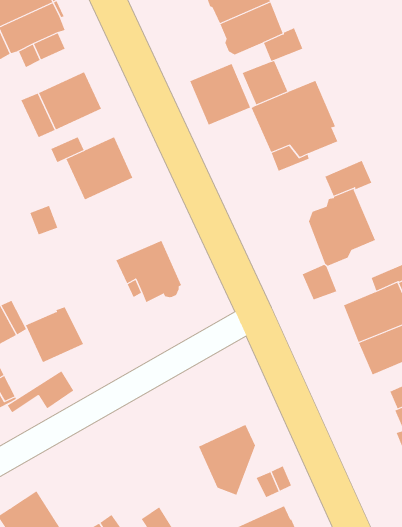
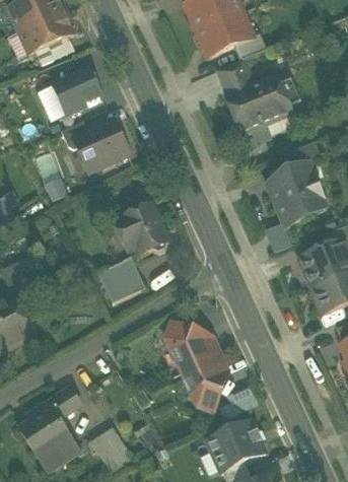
building: [190,63,251,125] -> none
building: [25,307,84,363] -> [98,258,146,303]
building: [7,371,74,413] -> [25,388,80,422]
building: none -> [166,323,220,372]

